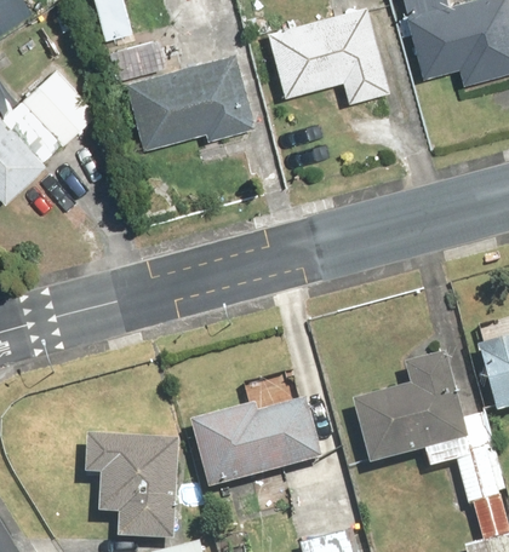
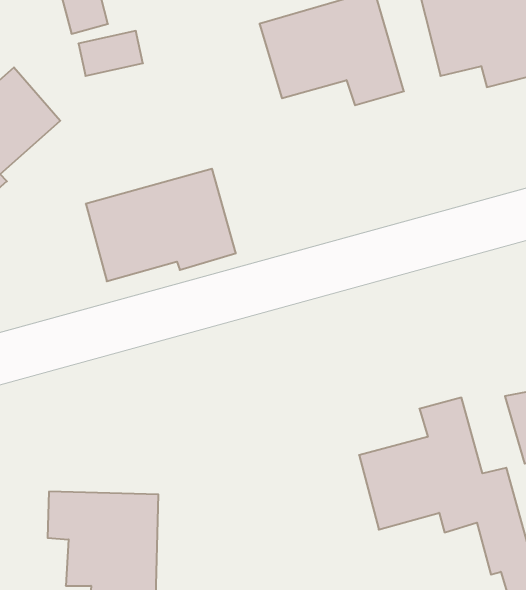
building: [126,52,256,149] -> [86,169,236,281]
building: [190,401,324,490] -> none

